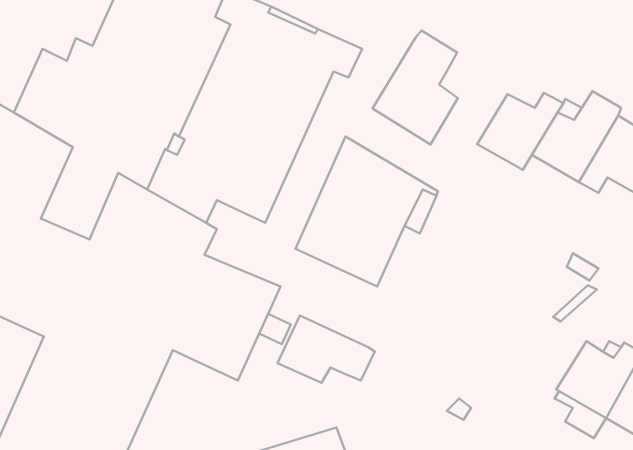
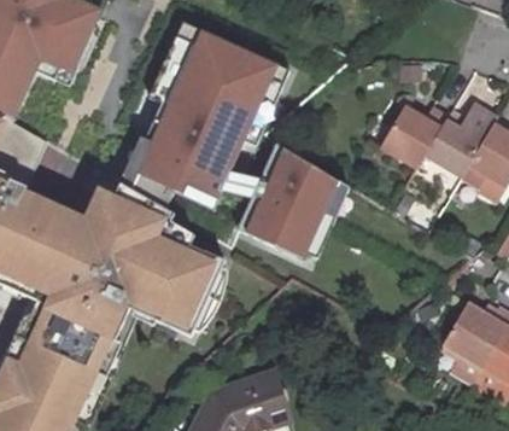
building: [373,31,458,144] -> none
building: [277,316,375,383] -> none

